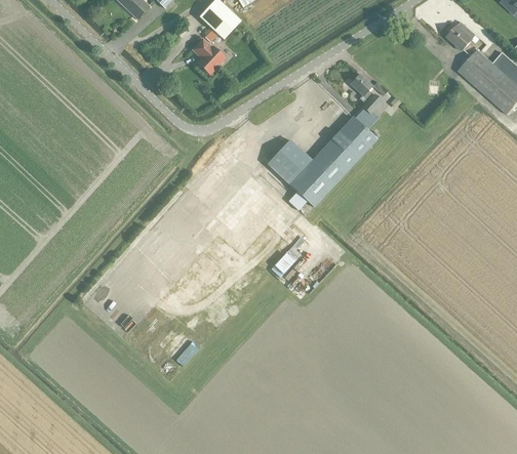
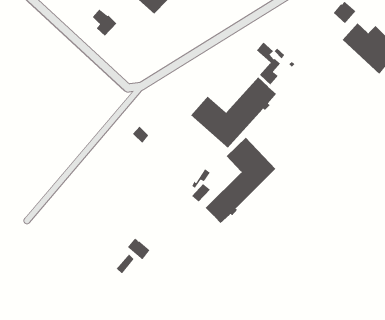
building: [190,37,222,72] -> [92,9,117,36]
building: none -> [205,137,276,224]
building: none -> [127,238,150,261]

